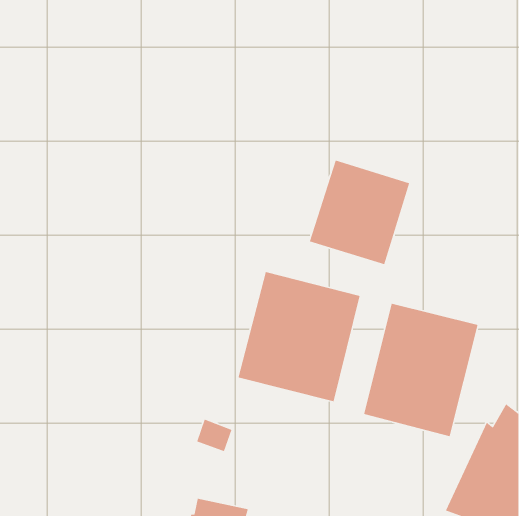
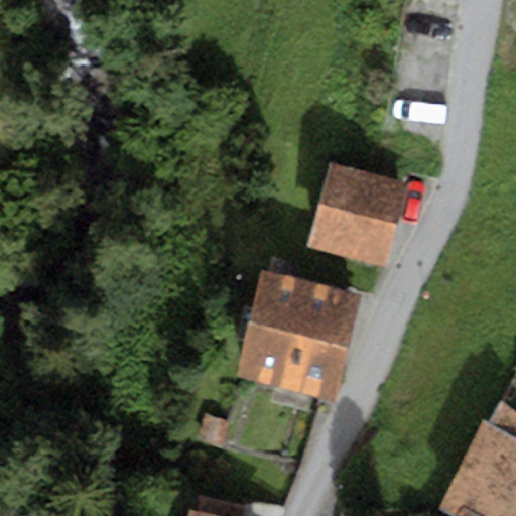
building: [363,303,479,437] -> none

